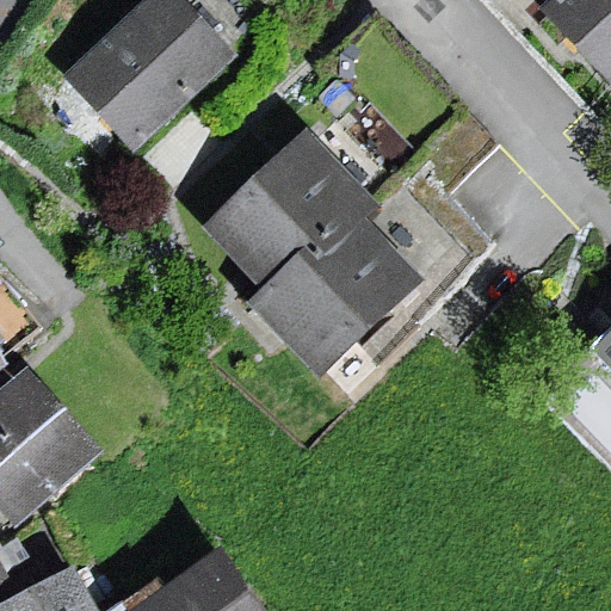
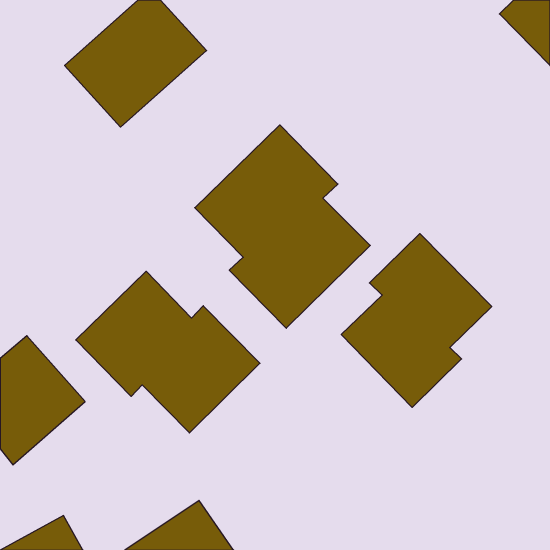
building: none -> [341,234,492,407]
building: none -> [76,271,260,433]

